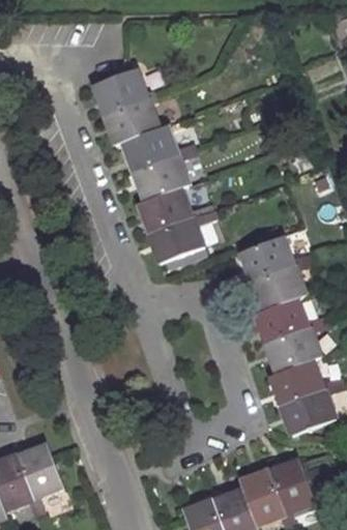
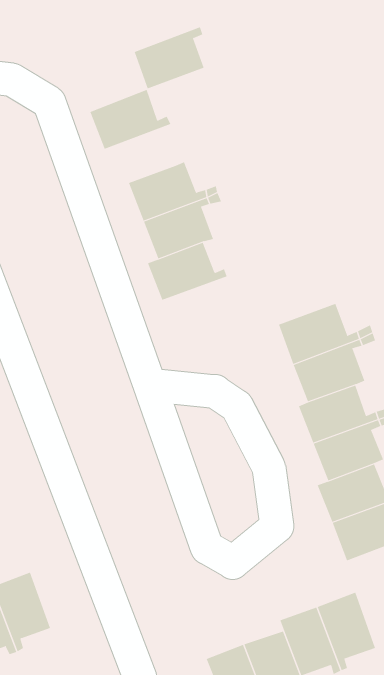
building: [104,96,158,145] -> [134,26,205,89]
building: [148,214,203,263] -> none

